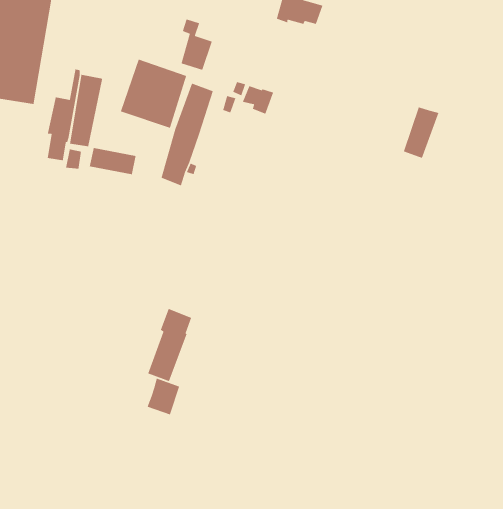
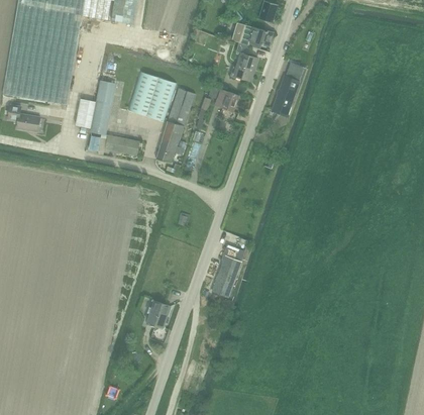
building: [180,19,213,71] -> [234,42,257,80]
building: [403,106,439,159] -> [273,76,299,114]
building: [147,308,192,382] -> [212,243,244,297]

